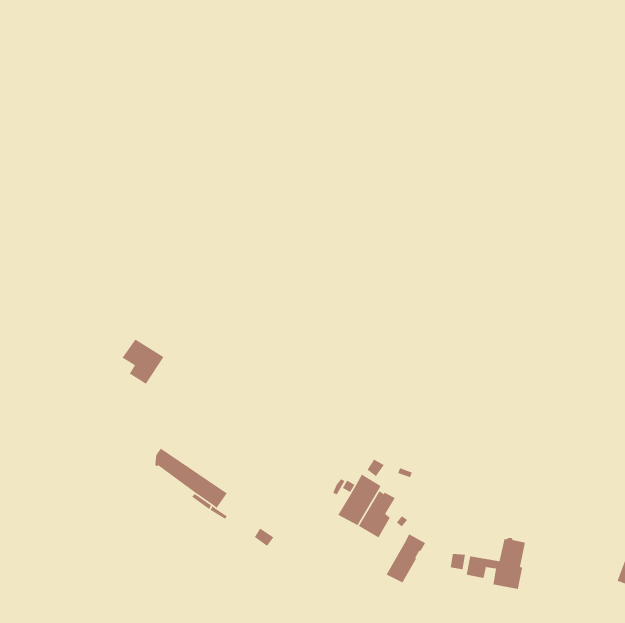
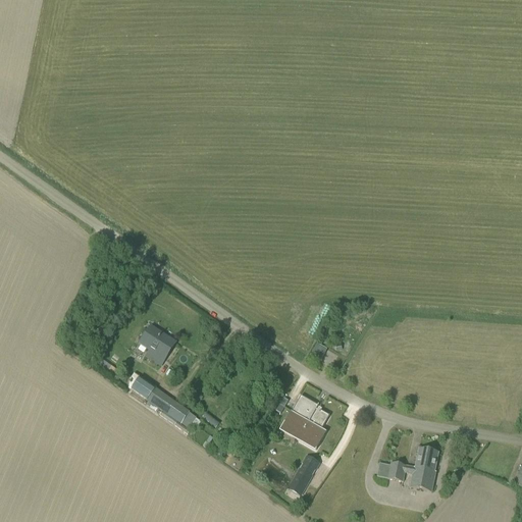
building: [122,338,164,385] -> [141,325,176,364]
building: [386,533,426,583] -> [288,454,321,495]

